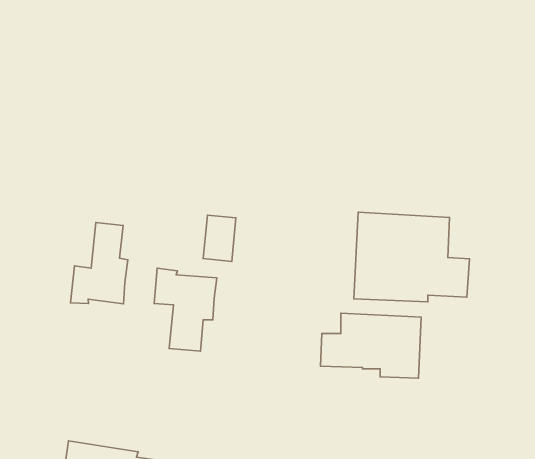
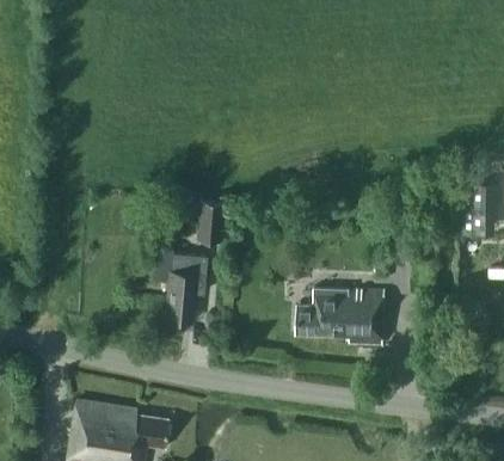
building: [354,212,470,302] -> none
building: [70,223,128,304] -> none

